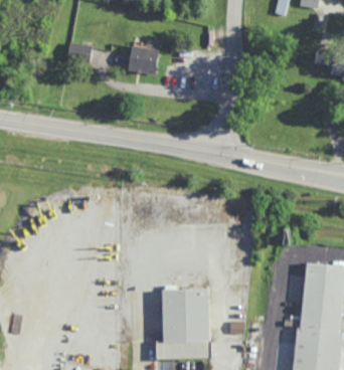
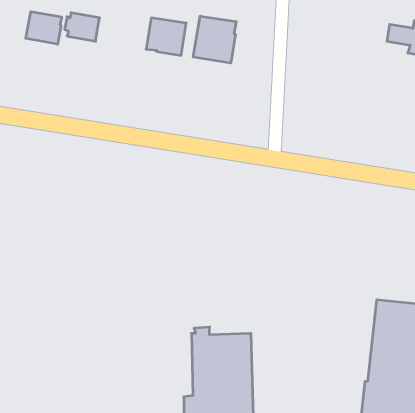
building: none -> [26,12,62,44]
building: none -> [193,16,236,63]

